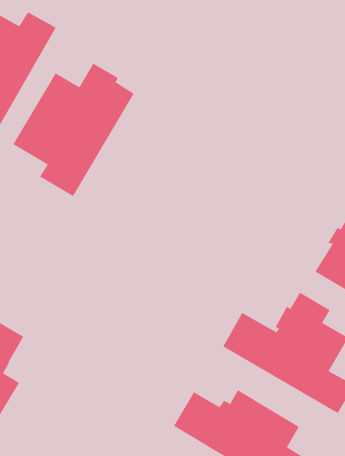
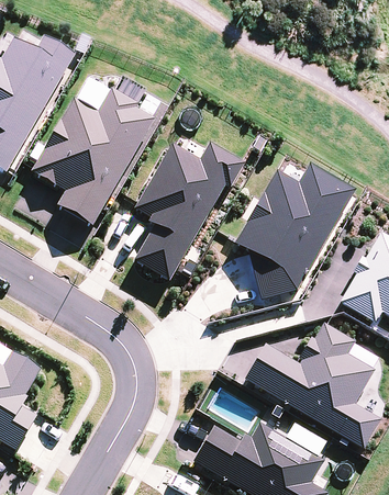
building: none -> [135,142,245,280]
building: none -> [235,162,355,299]

